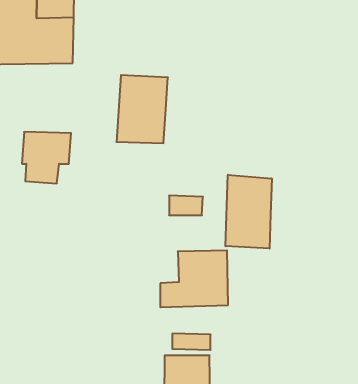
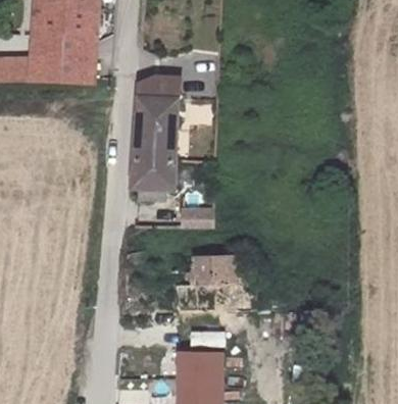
building: none -> [139,71,183,94]
building: [22,132,71,183] -> [133,154,179,202]
building: [226,175,272,249] -> none

